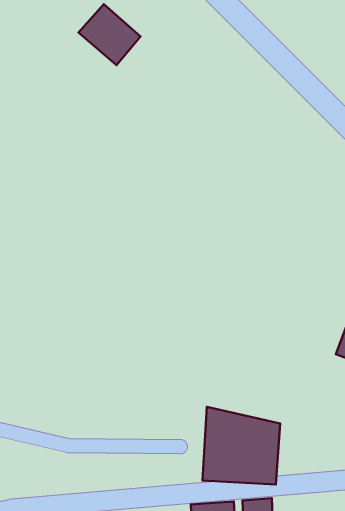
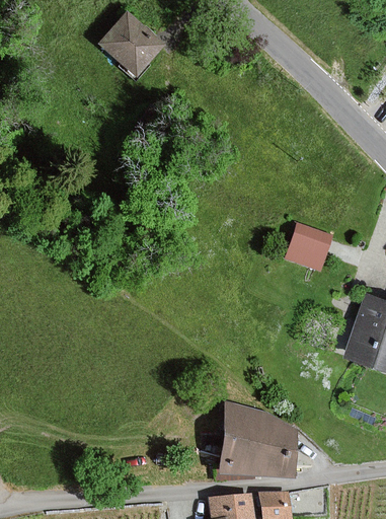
building: none -> [287,225,331,269]

